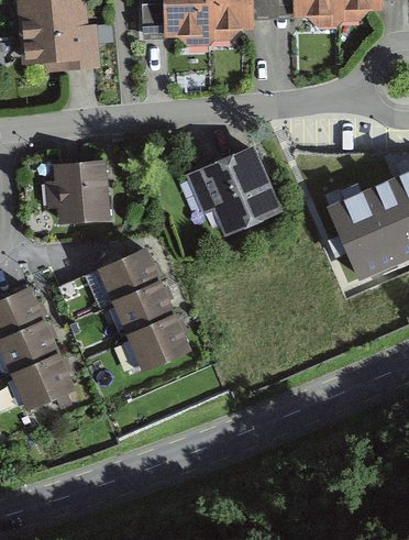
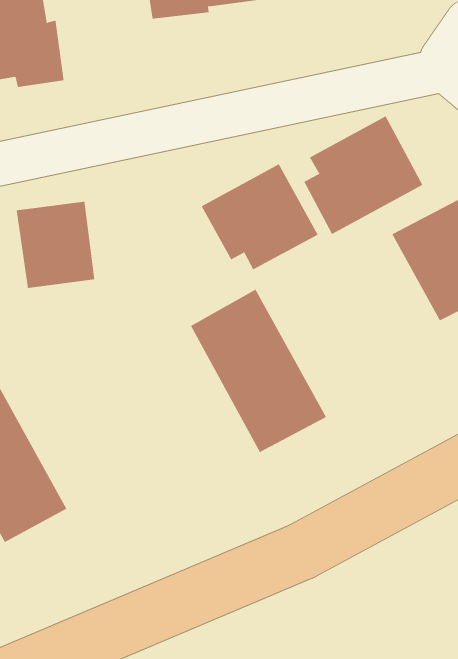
building: none -> [304,115,423,235]
building: [93,251,188,372] -> [190,289,327,453]

